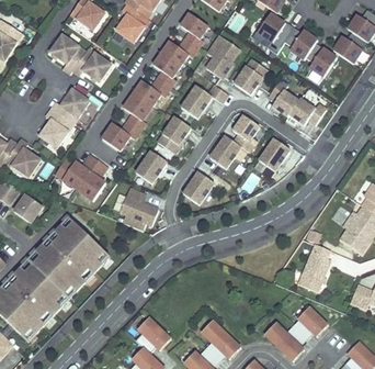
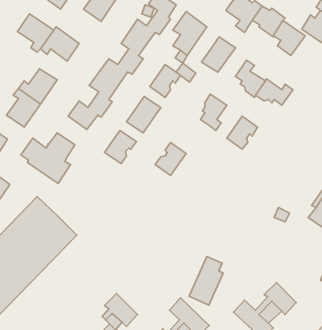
building: [208,135,239,168] -> none
building: [121,188,160,230] -> none
building: [296,244,330,292] -> [189,257,223,305]

